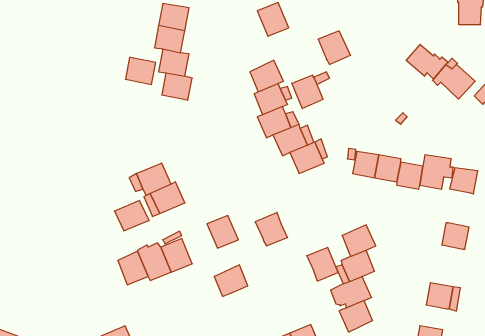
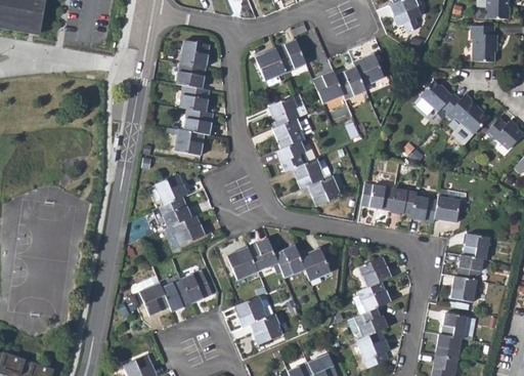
building: none -> [255,48,286,81]
building: none -> [353,54,384,87]
building: [125,57,156,85] -> [174,129,204,156]
building: [292,75,323,109] -> [312,72,343,105]
building: [450,168,478,194] -> [462,235,489,260]
building: [114,201,149,231] -> [154,175,187,205]
building: none -> [247,239,280,273]
building: none -> [449,277,476,302]
building: [307,247,338,281] -> [299,248,330,281]
building: none -> [250,314,289,344]
building: none -> [434,334,461,360]

